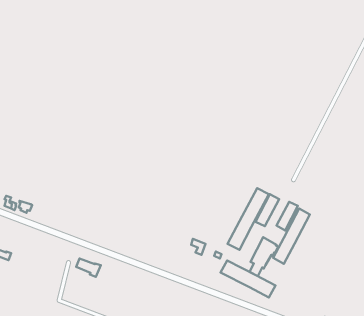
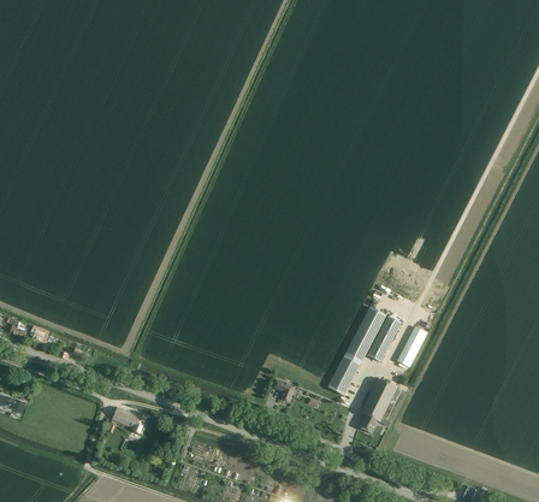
building: [273,209,310,264] -> none
building: [221,261,276,298] -> none

